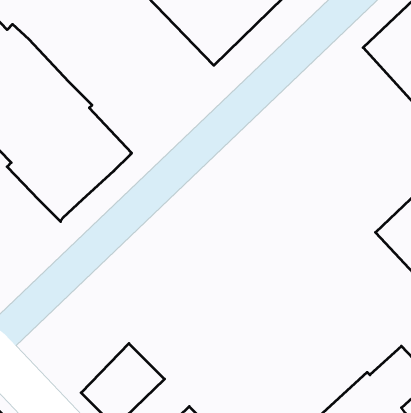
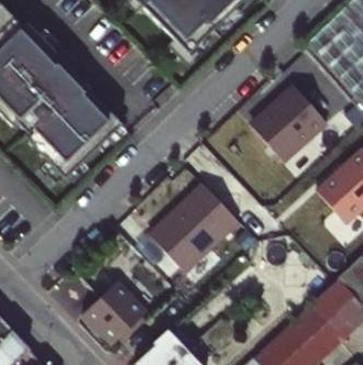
building: none -> [250,84,330,164]
building: none -> [147,181,243,276]

